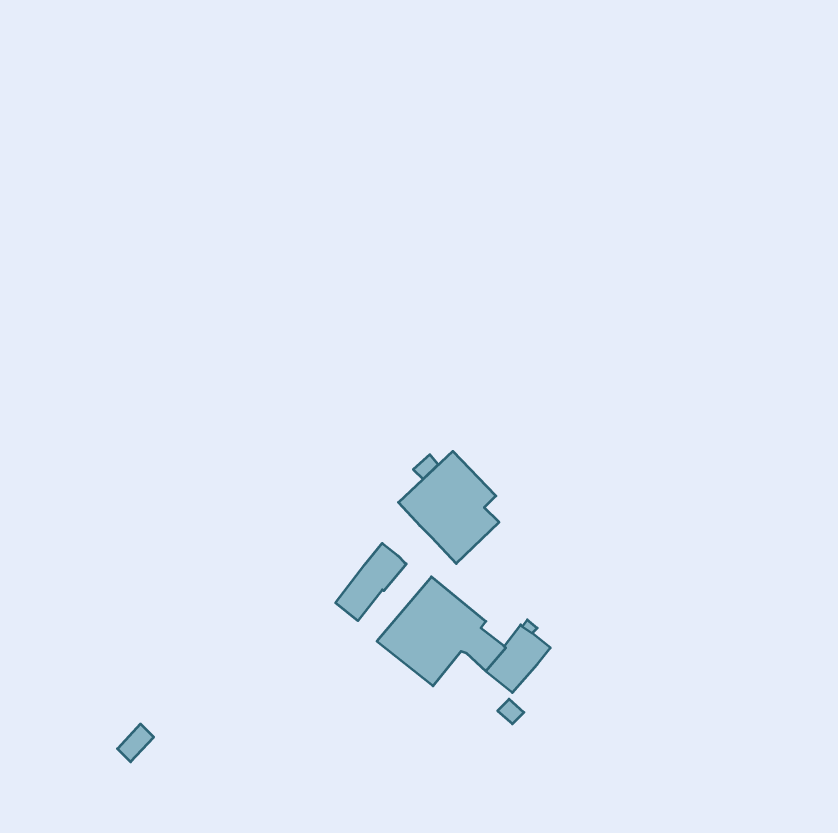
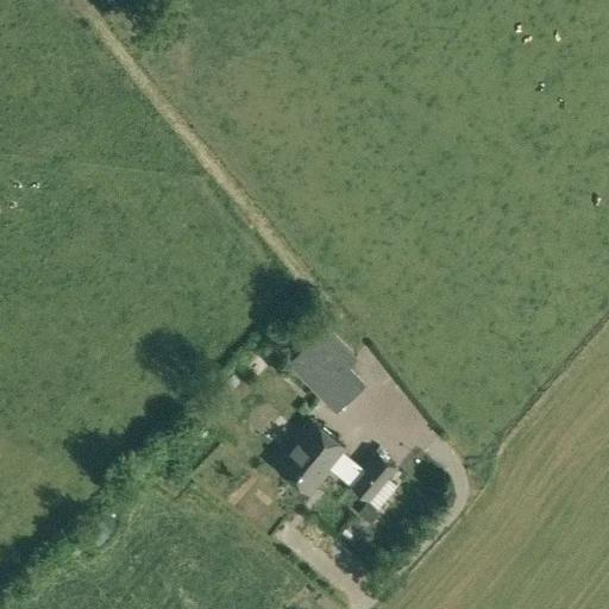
building: [336,543,406,621] -> none

